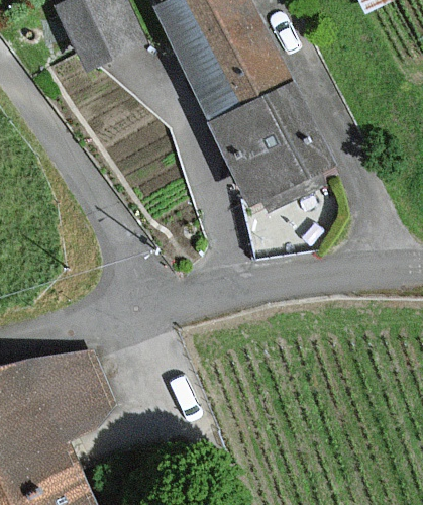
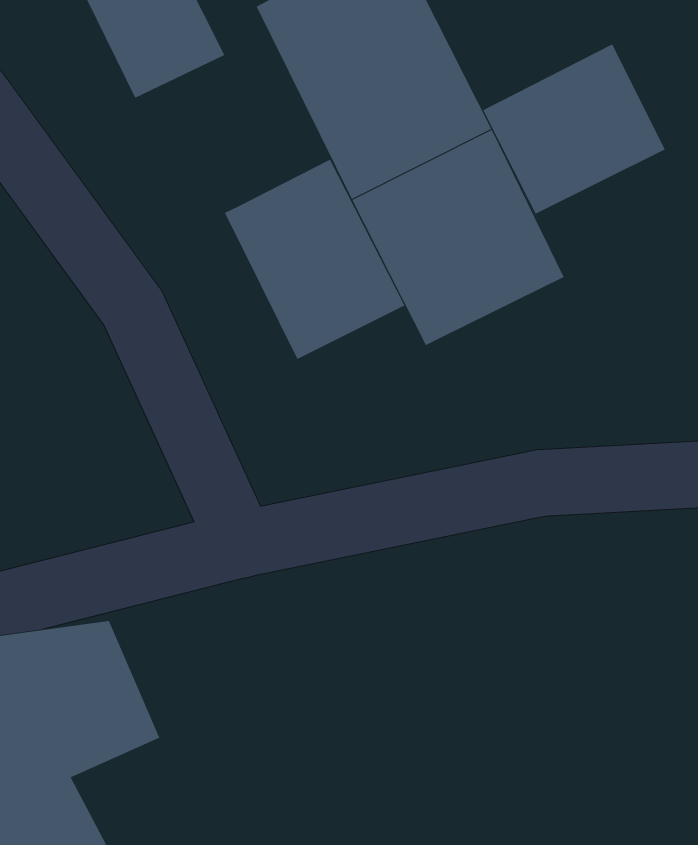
building: none -> [482,43,666,214]
building: none -> [224,159,405,360]

